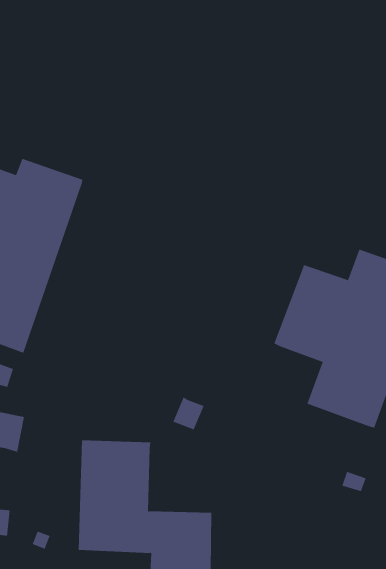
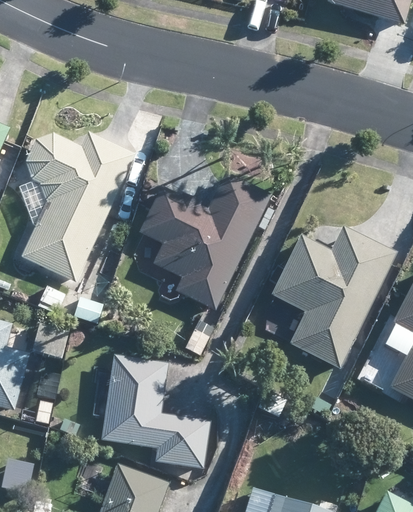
building: none -> [138,174,270,310]

